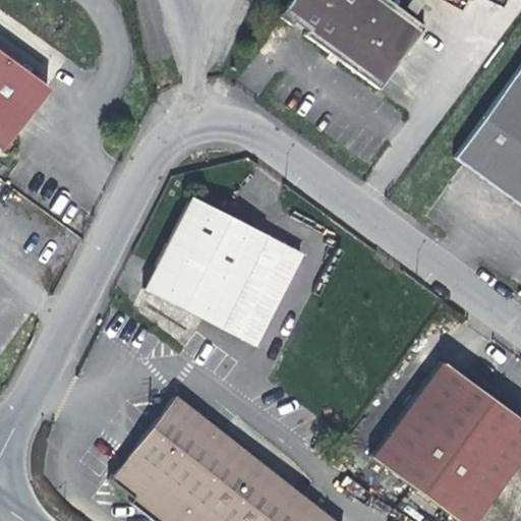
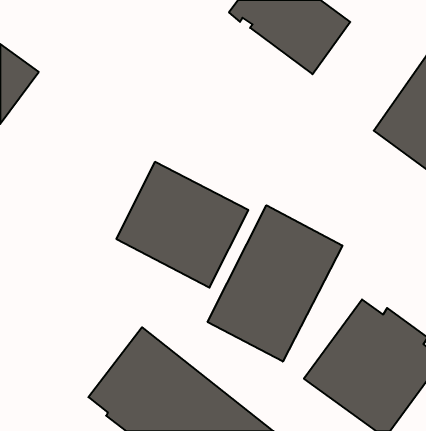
building: none -> [208,205,342,362]

